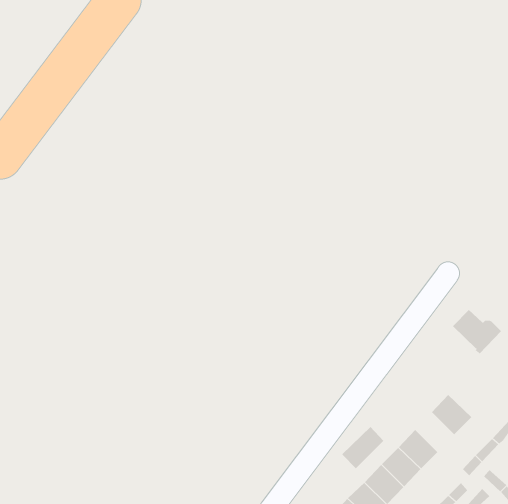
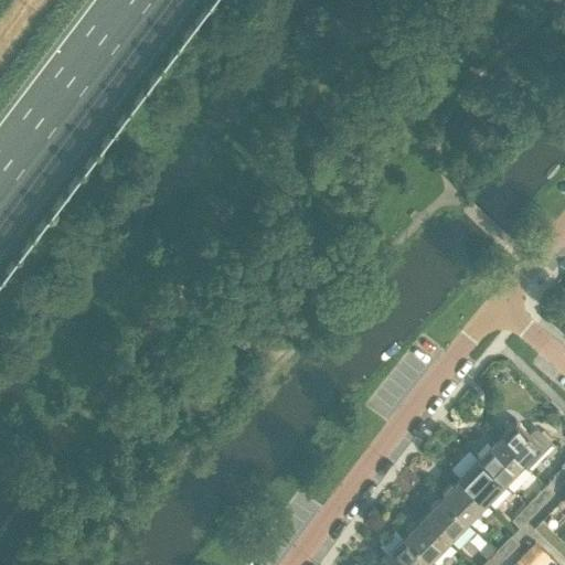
building: [452,309,502,354] -> [498,424,553,473]
building: none -> [461,462,504,507]
building: [341,426,384,469] -> none

